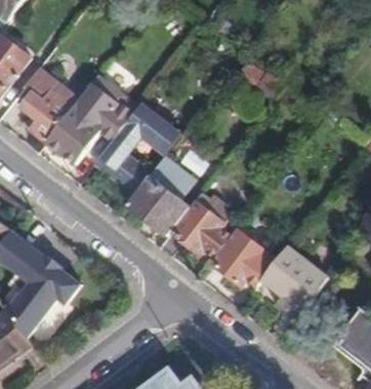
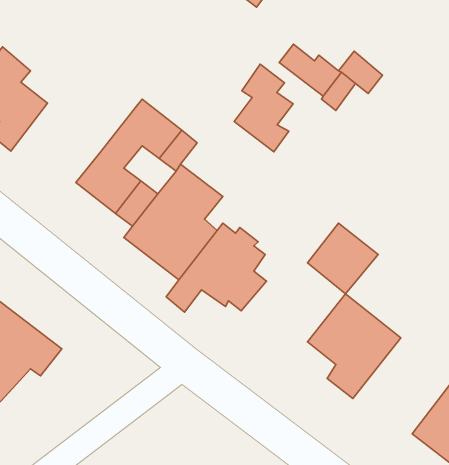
building: [45,76,136,163] -> none
building: none -> [234,64,293,152]
building: [213,233,264,284] -> [308,223,378,294]

